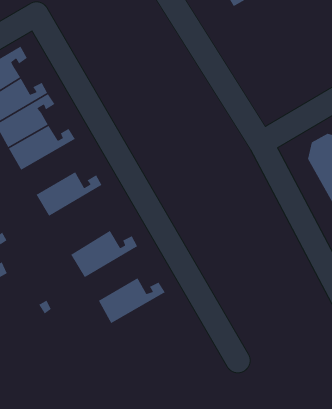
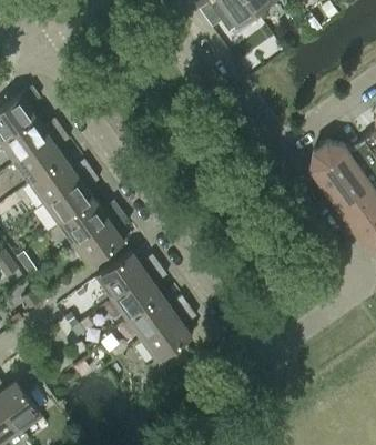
building: none -> [43,170,99,225]
building: none -> [73,211,129,267]
building: none -> [112,265,167,320]
building: none -> [141,306,196,362]

